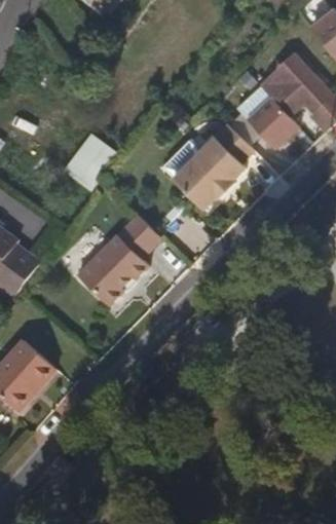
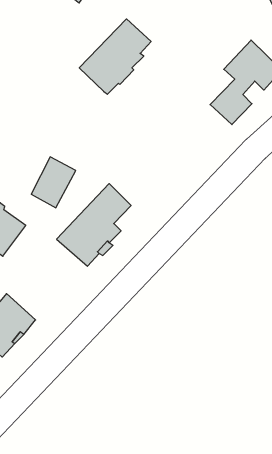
building: [171,123,252,209] -> [79,19,151,94]
building: [63,130,113,188] -> [31,157,76,208]

